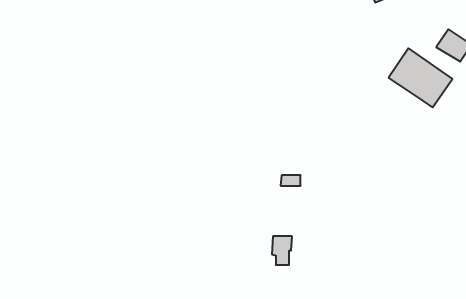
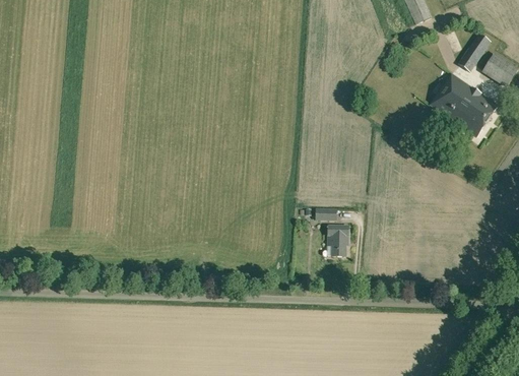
building: none -> [457,34,491,72]
building: [272,236,292,265] -> [327,226,348,256]

